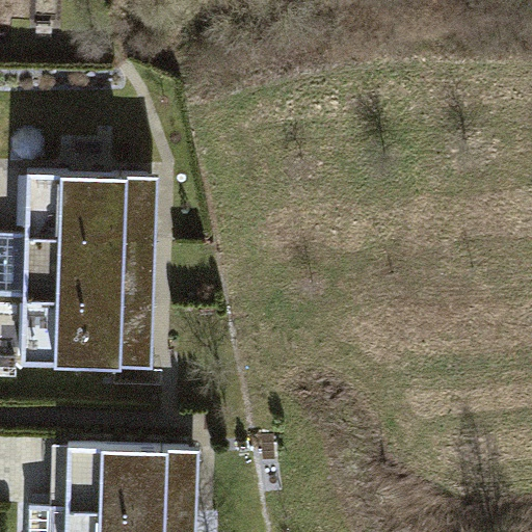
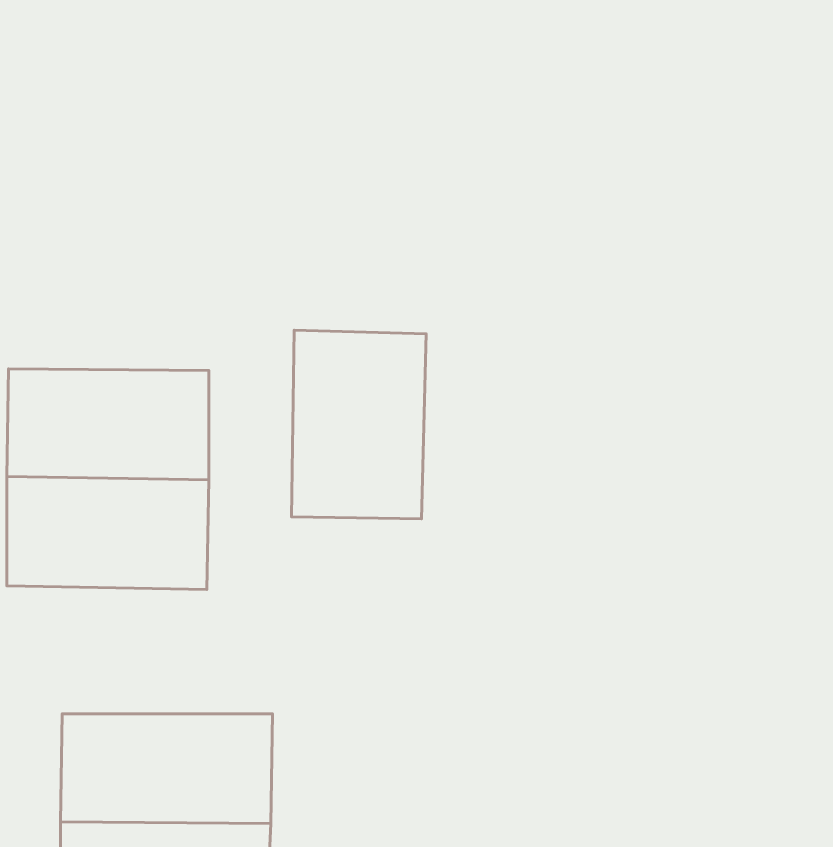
building: [22,168,147,237] -> none
building: none -> [291,330,426,519]

